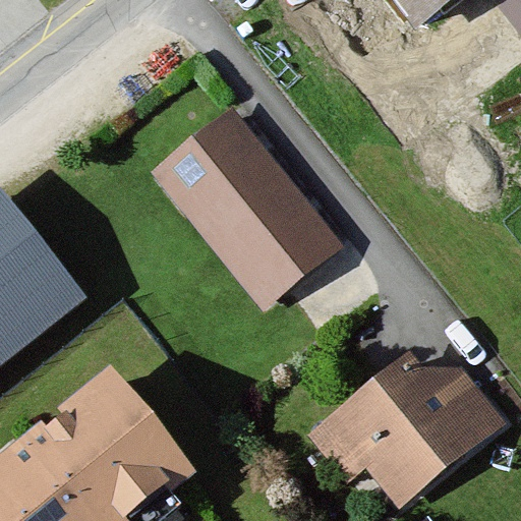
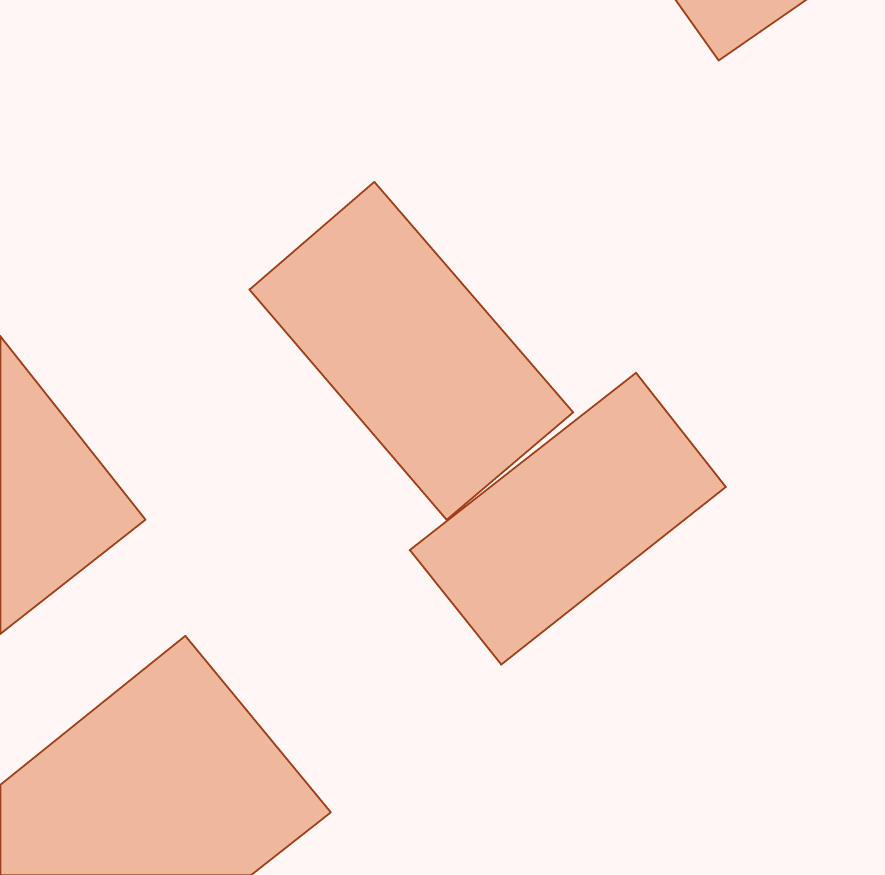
building: none -> [410,373,726,665]
building: [327,344,511,506] -> none

